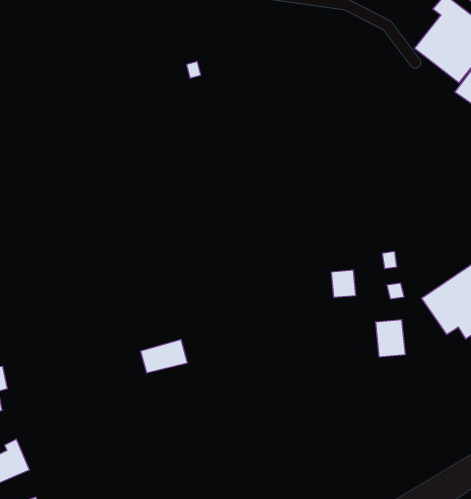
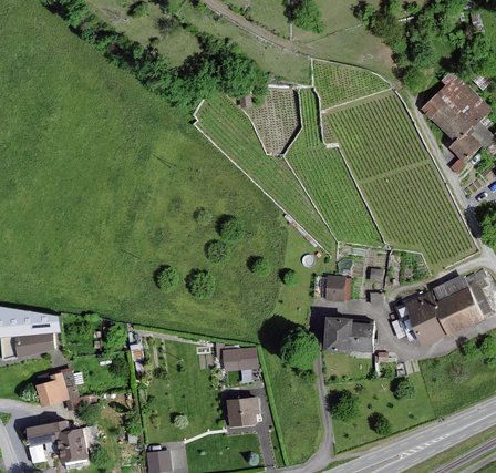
building: none -> [330,315,356,349]
building: [141,340,187,373] -> [223,348,258,370]
building: none -> [229,397,261,426]

